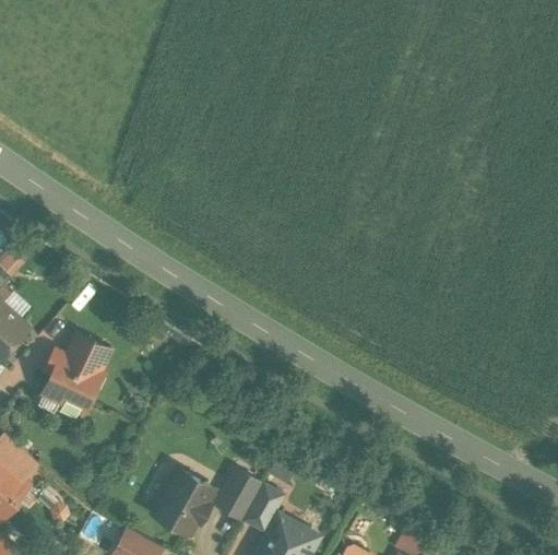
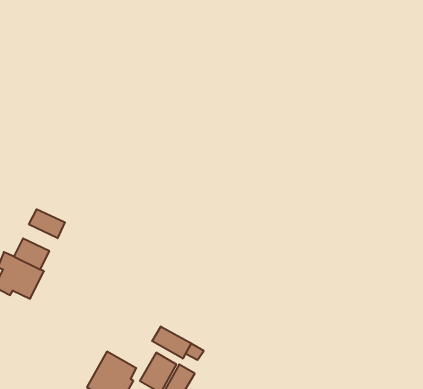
building: none -> [29,209,65,238]
building: none -> [152,326,191,359]

